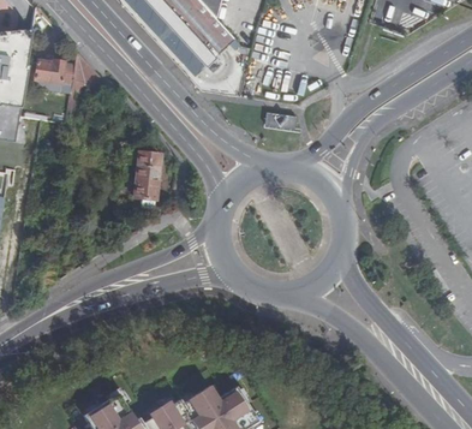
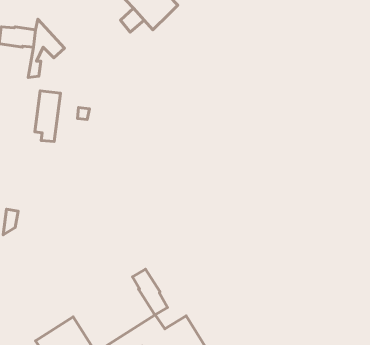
building: [132,153,161,209] -> [35,91,61,142]
building: none -> [133,269,168,315]

